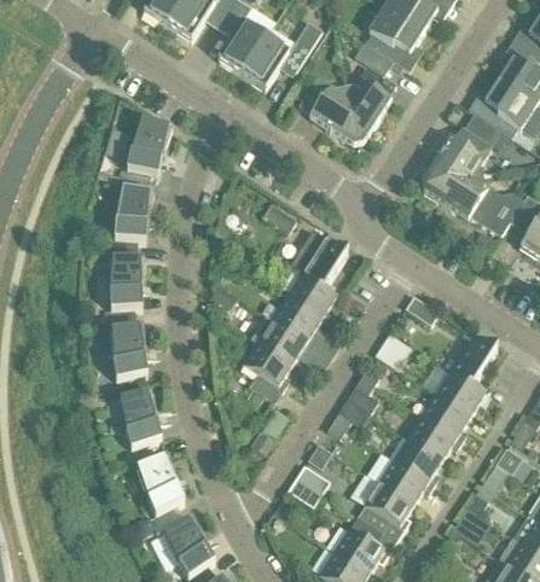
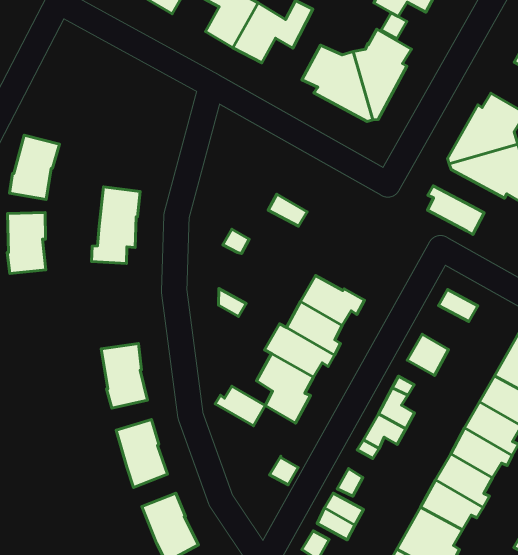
building: [127,118,173,175] -> [10,135,60,199]
building: none -> [427,186,484,235]
building: [289,228,348,289] -> none
building: [110,256,145,308] -> [7,213,46,273]
building: none -> [215,386,265,426]

